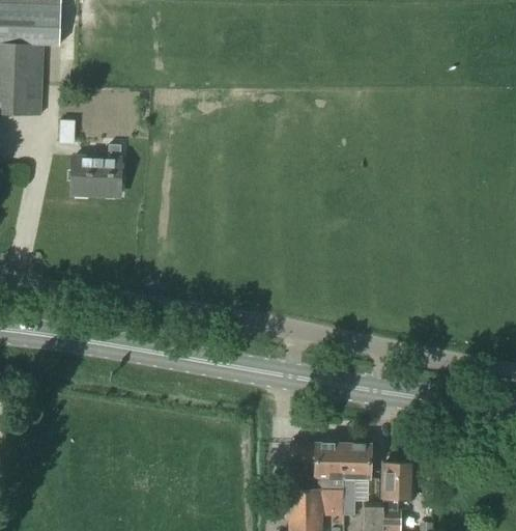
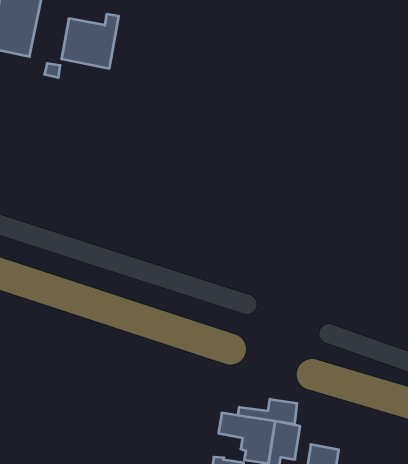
building: [70,144,121,198] -> [61,14,119,68]
building: none -> [238,399,297,424]

